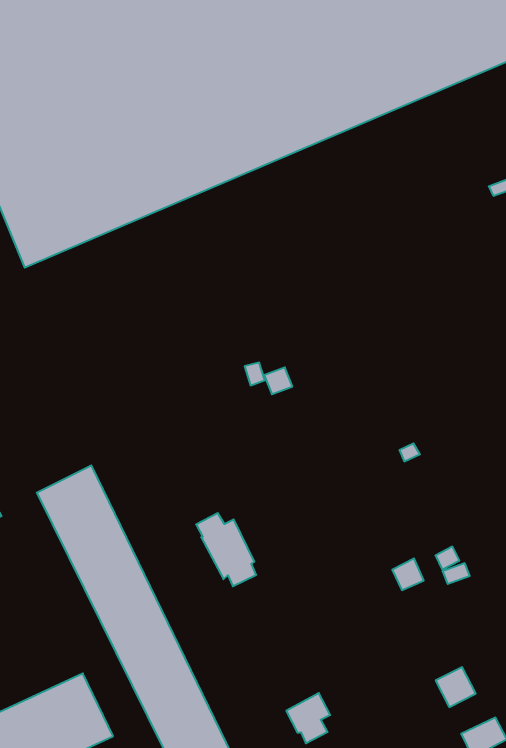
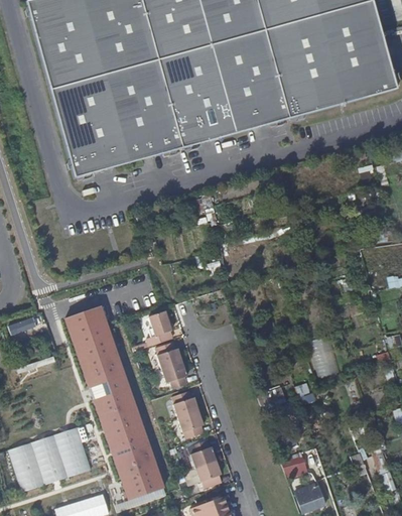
building: none -> [148,310,173,344]
building: none -> [172,391,206,436]
building: none -> [190,439,217,467]

